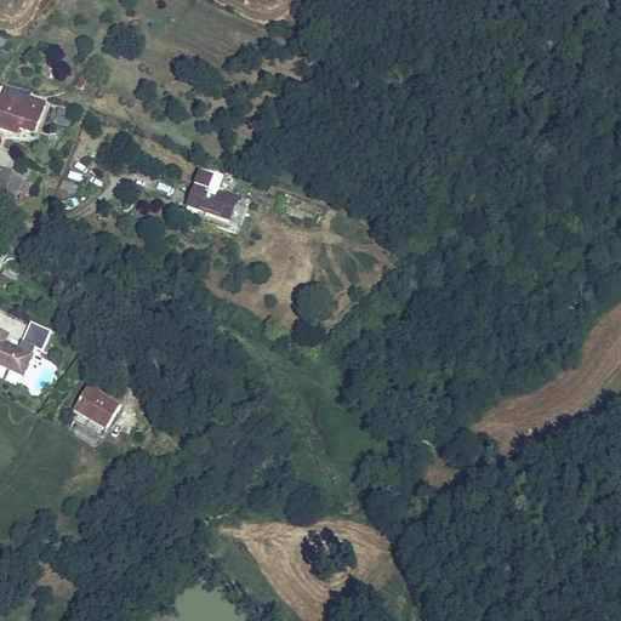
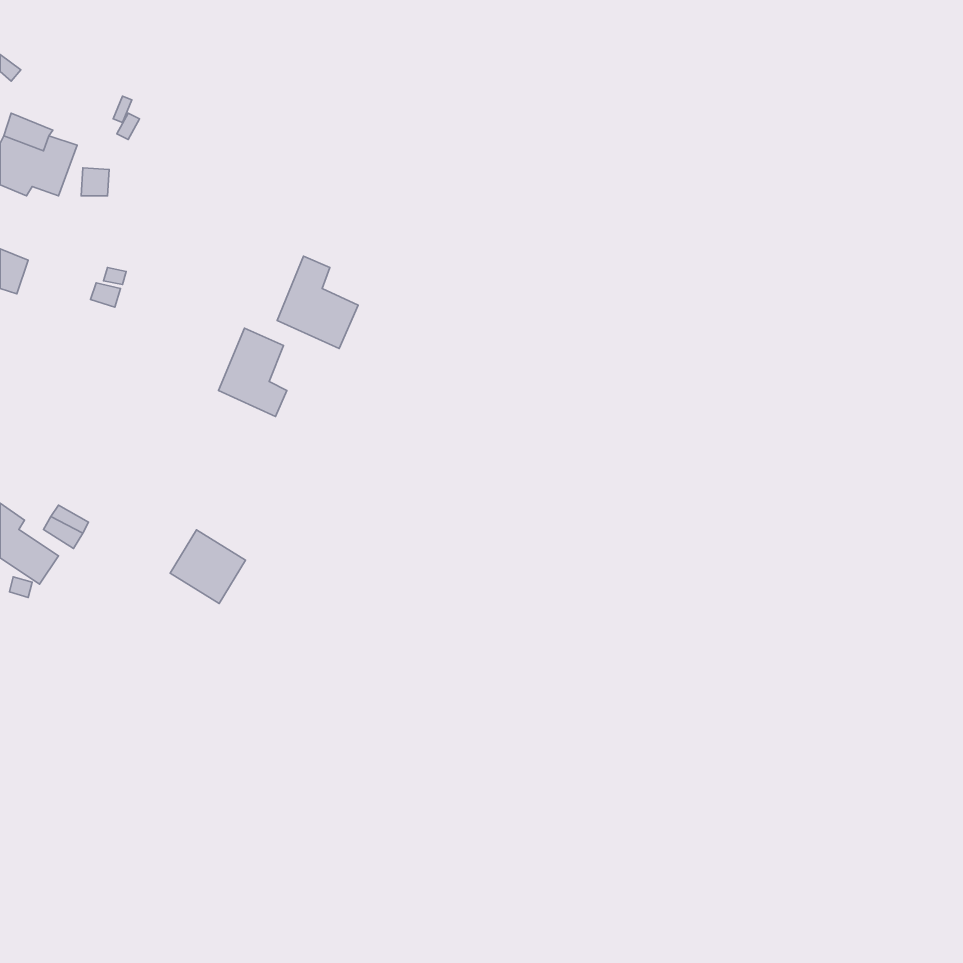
building: none -> [219,328,287,416]
building: [67,384,115,432] -> [170,530,245,603]

